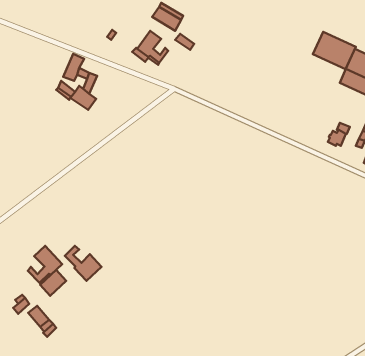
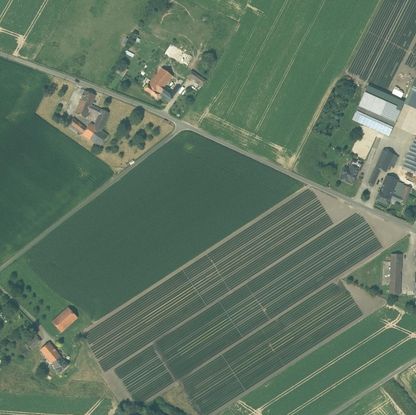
building: [313,32,356,69] -> none
building: [28,246,62,283] -> none
building: [65,246,102,281] -> none

